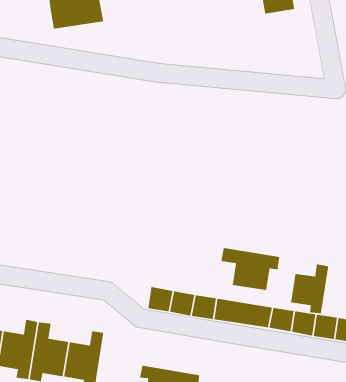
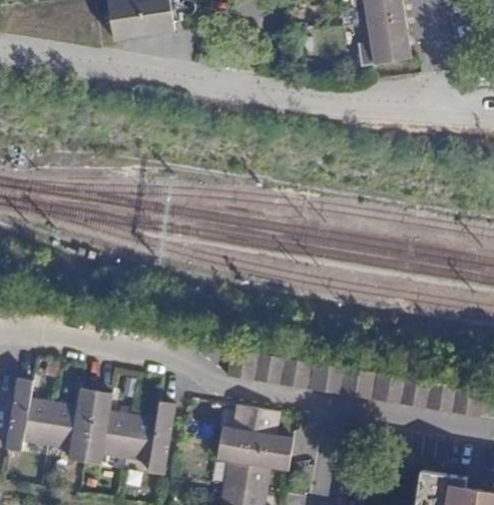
building: none -> [357,15,410,65]
building: [220,247,280,291] -> none
building: [290,263,329,314] -> none
building: none -> [219,404,293,454]

